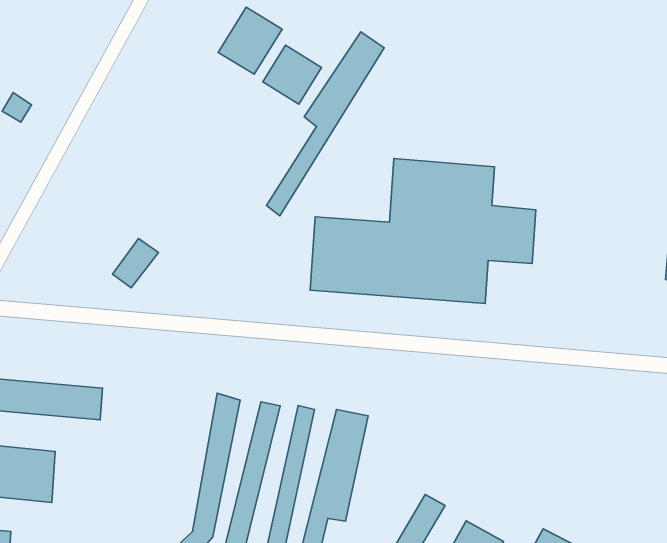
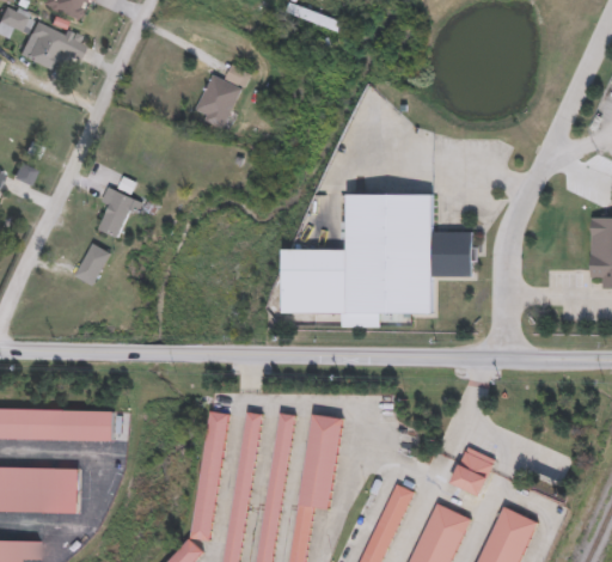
building: [267,32,384,216] -> none
building: [263,45,322,104] -> none
building: none -> [98,187,143,240]
building: [113,239,158,288] -> [73,245,111,288]
building: none -> [448,445,495,496]

